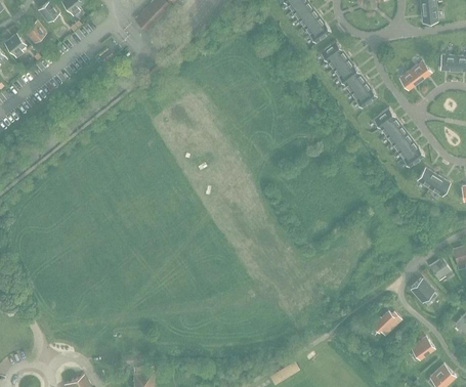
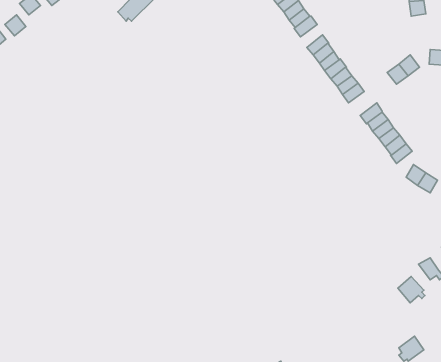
building: [372,310,401,336] -> none

